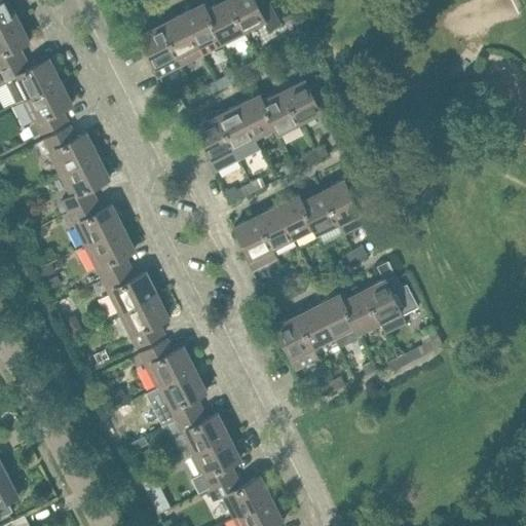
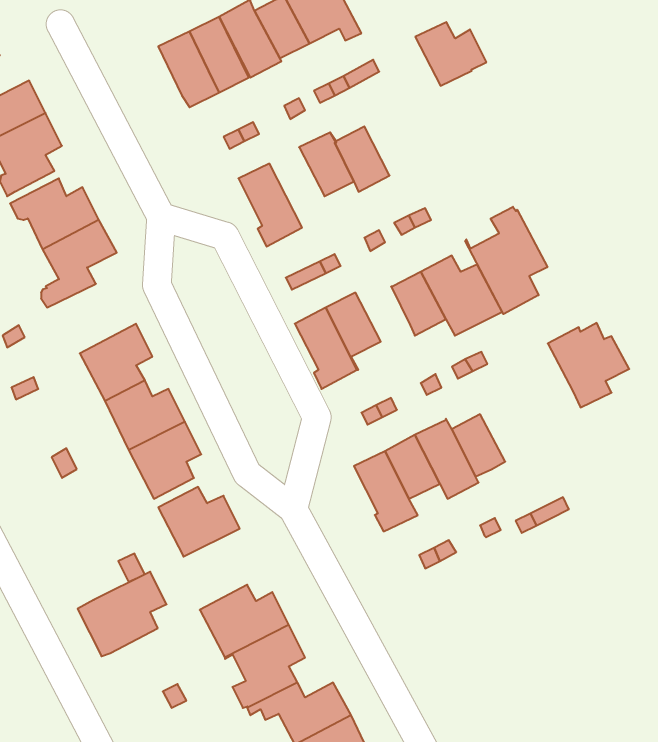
building: [281,80,331,124] -> [415,22,486,86]
building: [216,105,259,160] -> none
building: none -> [465,207,547,314]
building: [275,194,313,239] -> none
building: [62,199,123,248] -> none
building: [362,275,418,334] -> [548,323,629,407]
building: [145,369,206,427] -> [78,572,167,656]

